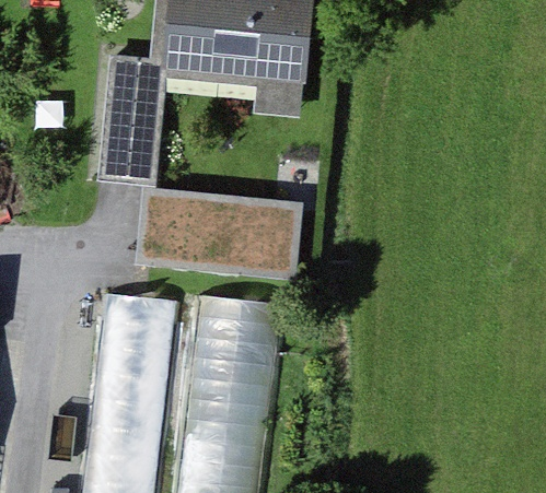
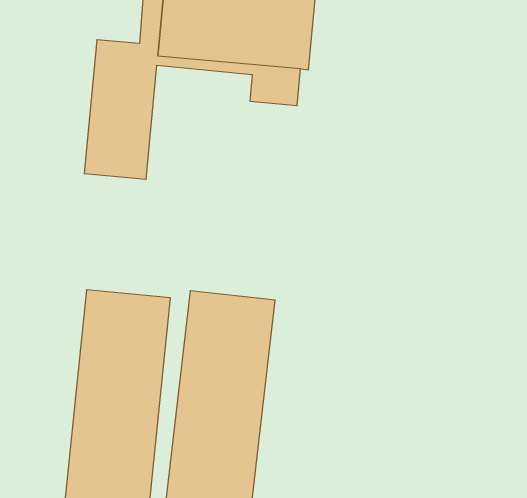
building: [147,187,316,281] -> none

